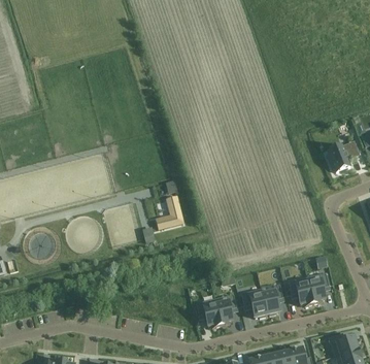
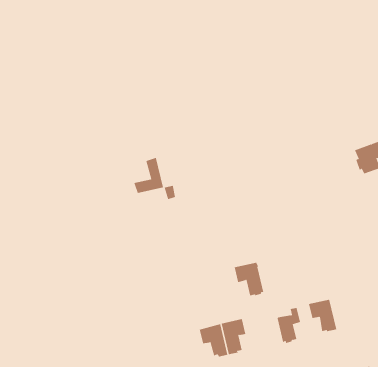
building: [157,195,182,226] -> [133,157,164,194]
building: [307,270,329,301] -> none
building: [241,287,267,316] -> [234,262,264,296]

